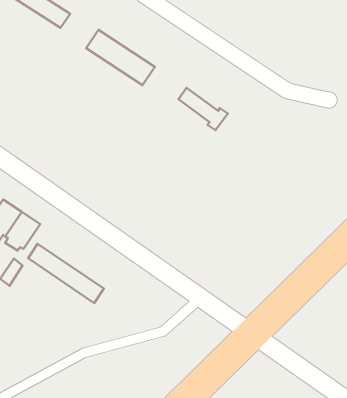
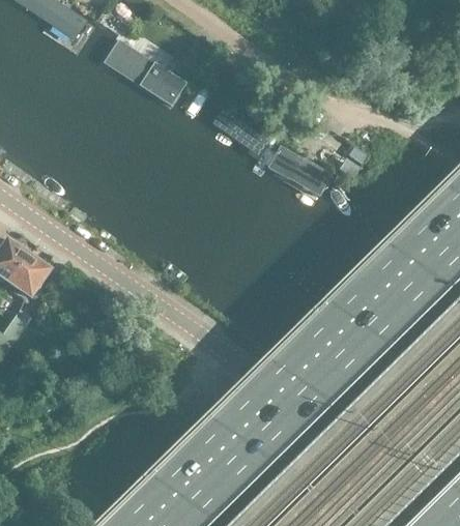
building: none -> [267,144,329,195]
building: [28,244,104,303] -> none

